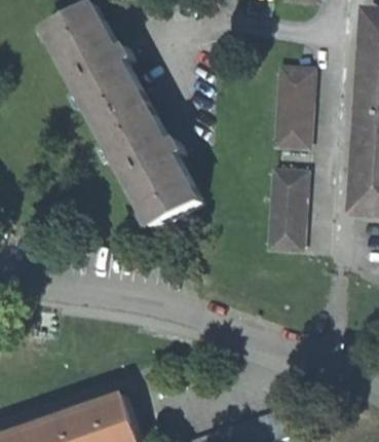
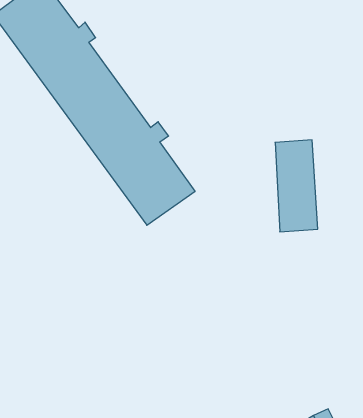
building: [273,67,310,145] -> none

